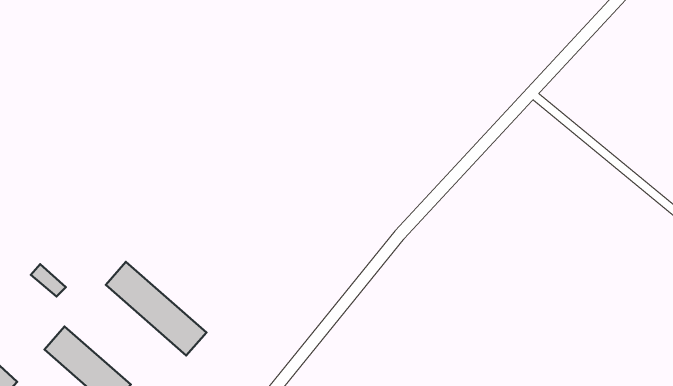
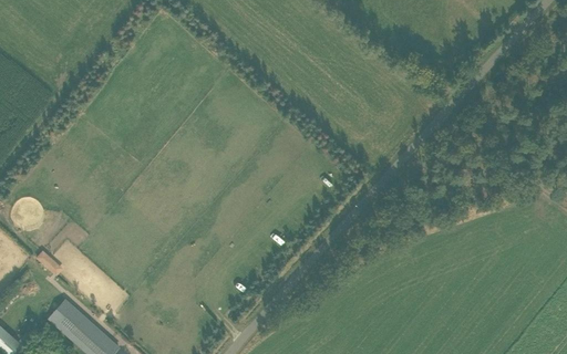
building: [106,262,206,356] -> none

